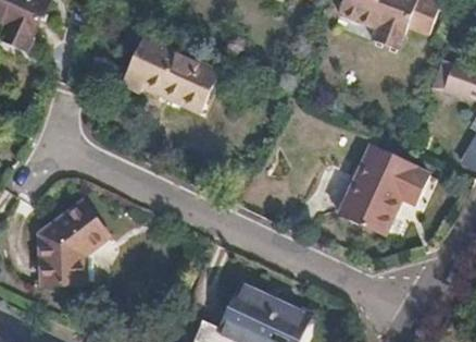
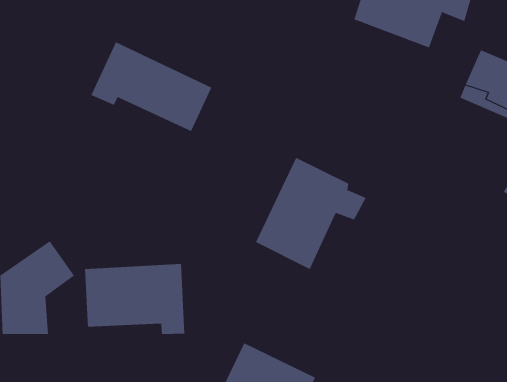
building: [338,142,430,235] -> [255,157,366,270]
building: none -> [85,263,185,335]

